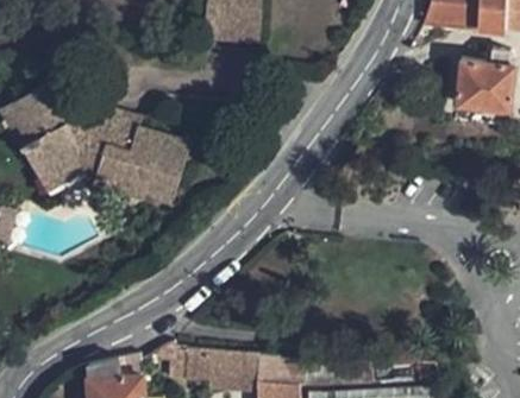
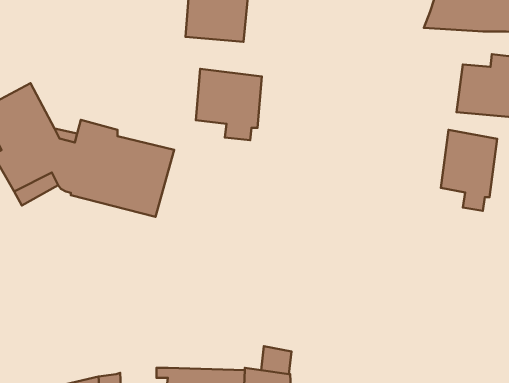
building: none -> [196,69,262,140]
building: none -> [441,130,497,211]

